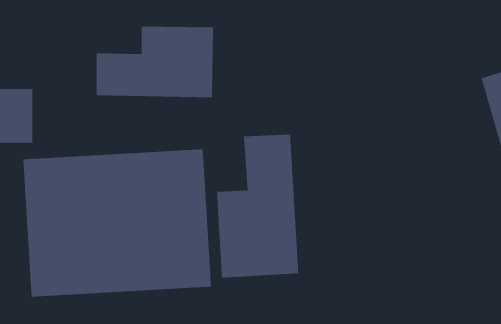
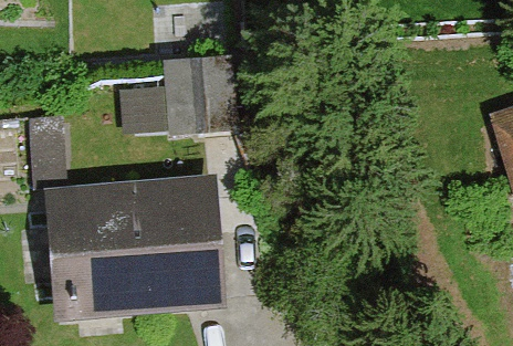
building: [217,134,299,278] -> none

